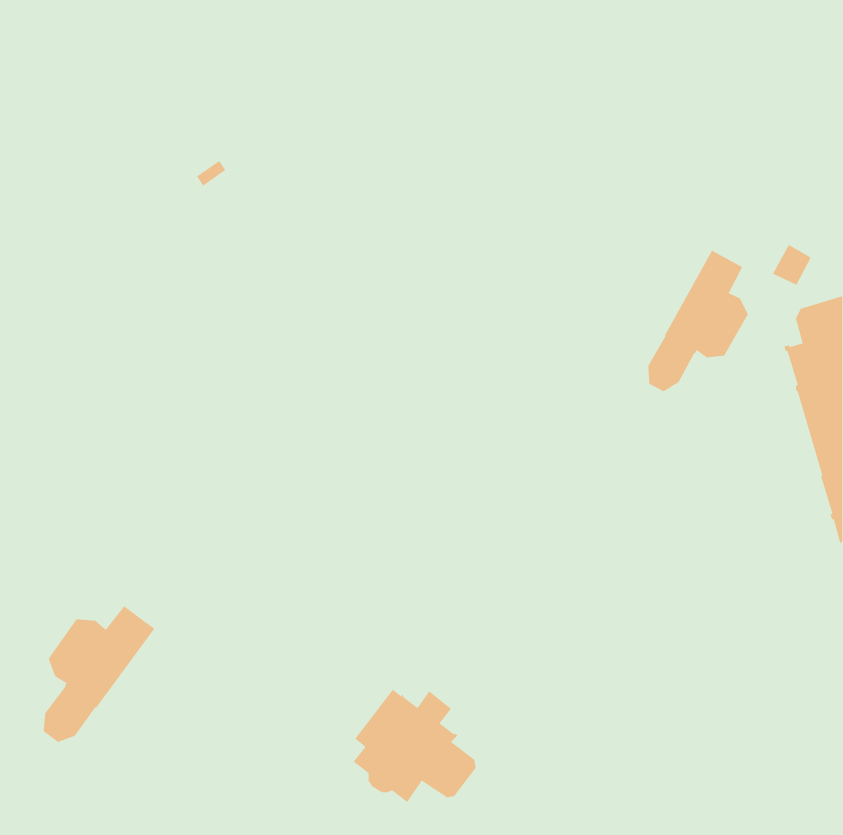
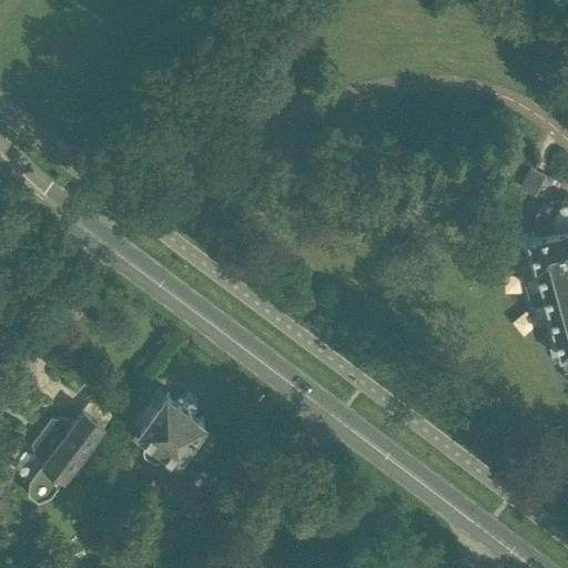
building: [648,250,748,392] -> none
building: [353,689,477,803] -> [133,392,216,468]

